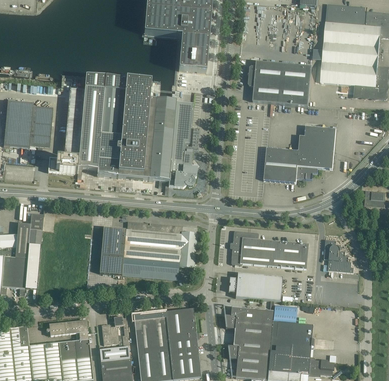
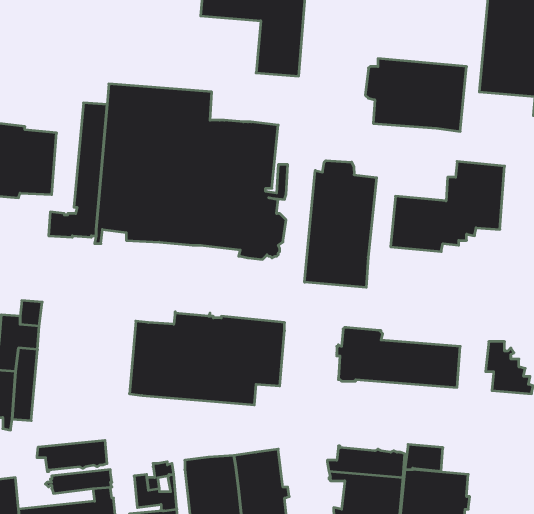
building: none -> [305,161,377,287]
building: [227,272,281,300] -> none
building: none -> [37,440,107,472]

